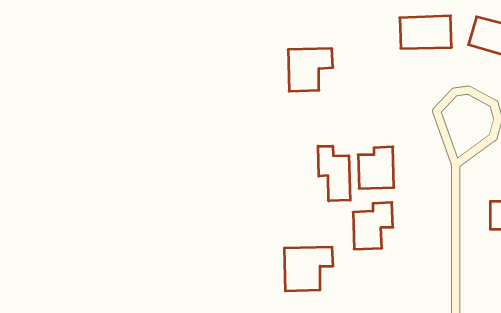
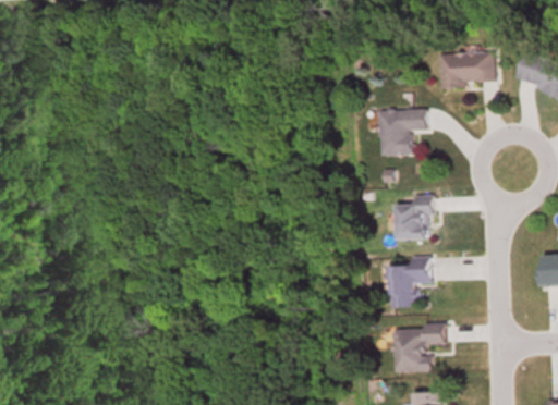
building: [288,49,333,91] -> [379,109,428,156]
building: [318,146,350,201] -> none
building: [284,247,333,291] -> [393,323,447,371]

